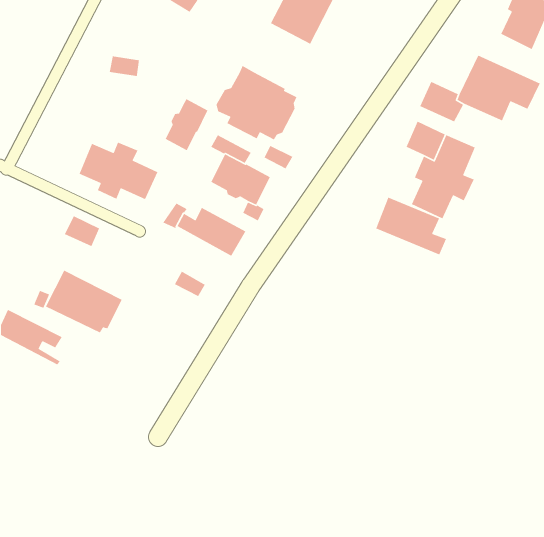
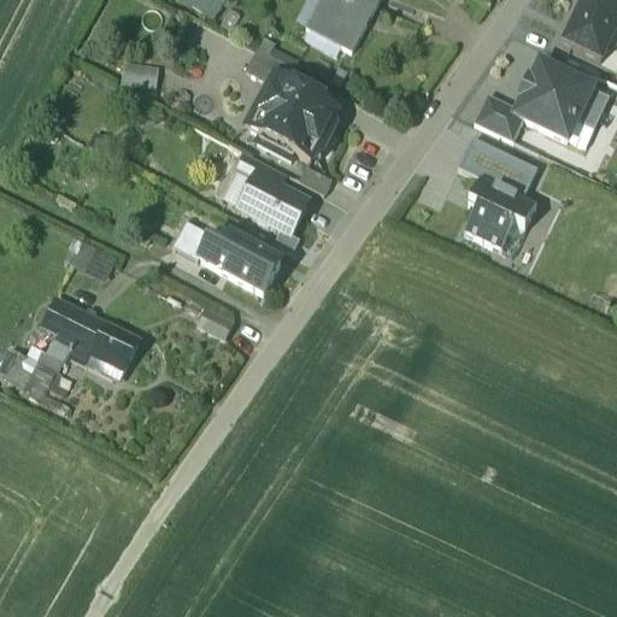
building: none -> [246,47,295,82]
building: [164,98,209,151] -> none
building: [78,142,159,200] -> none
building: [375,196,447,256] -> none

